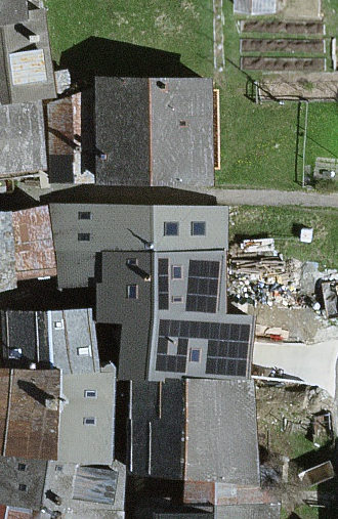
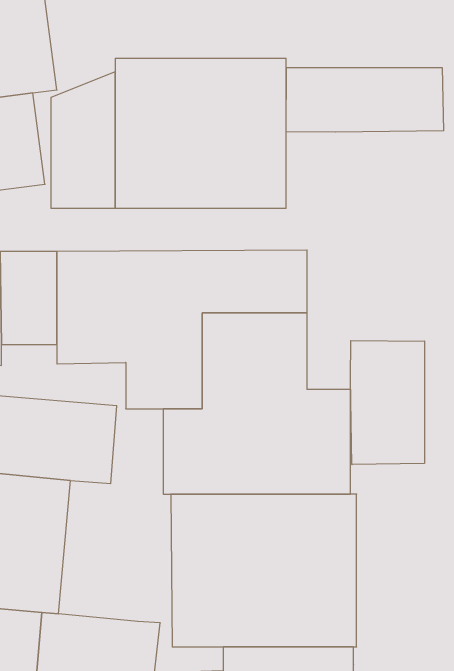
building: none -> [286,68,444,132]
building: none -> [350,341,424,465]
building: [53,366,116,463] -> none

